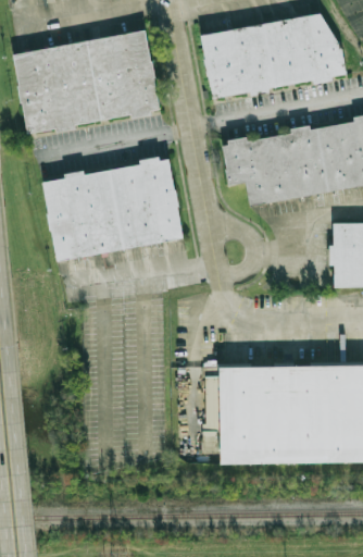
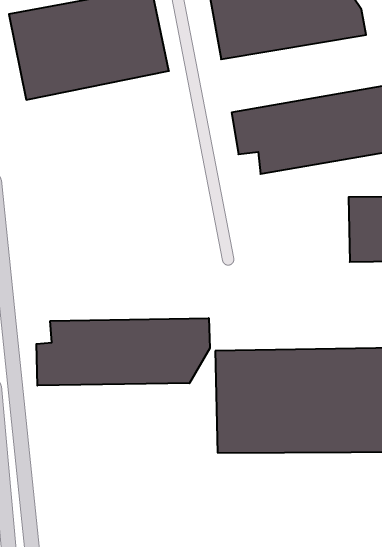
building: [43,157,186,260] -> none
building: none -> [36,318,210,386]

